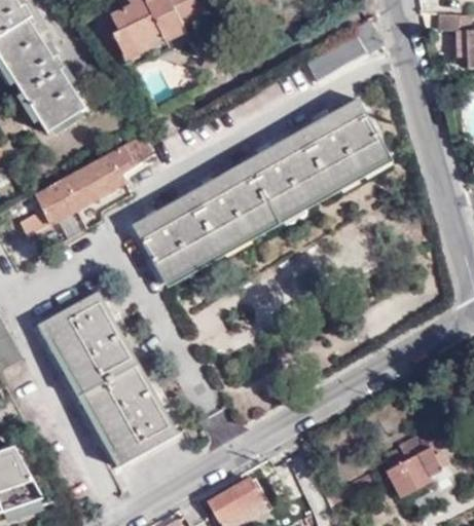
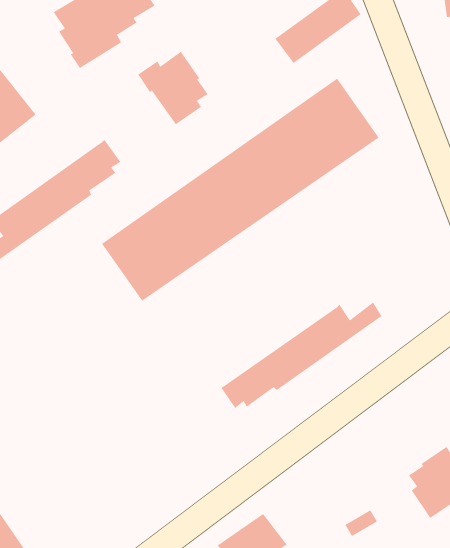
building: none -> [137,51,208,125]
building: [37,293,176,467] -> none
building: none -> [220,301,382,409]

